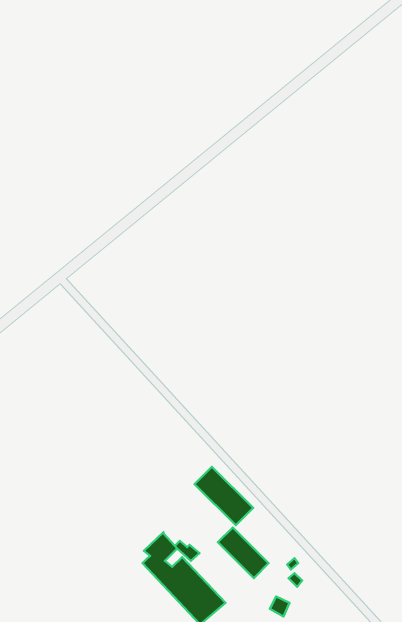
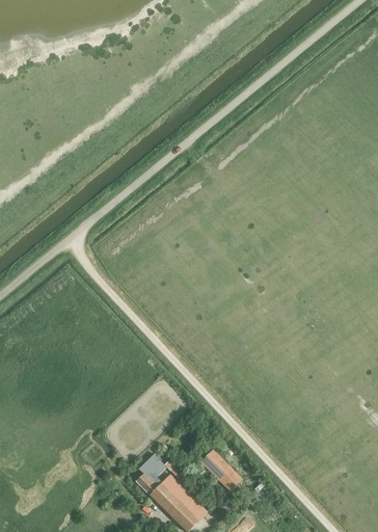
building: [195,467,253,525] -> none

